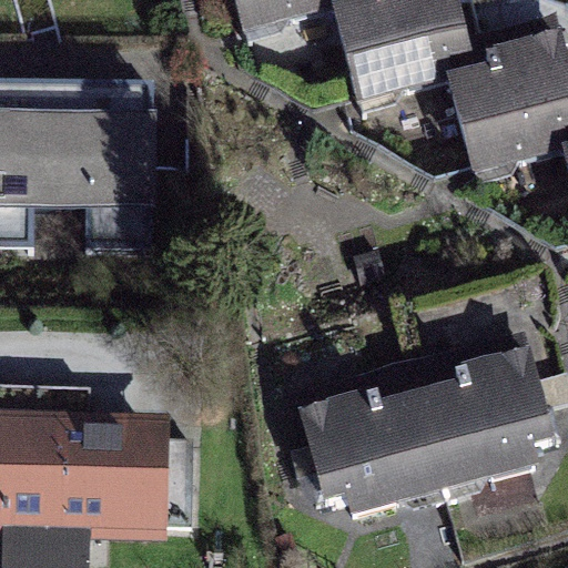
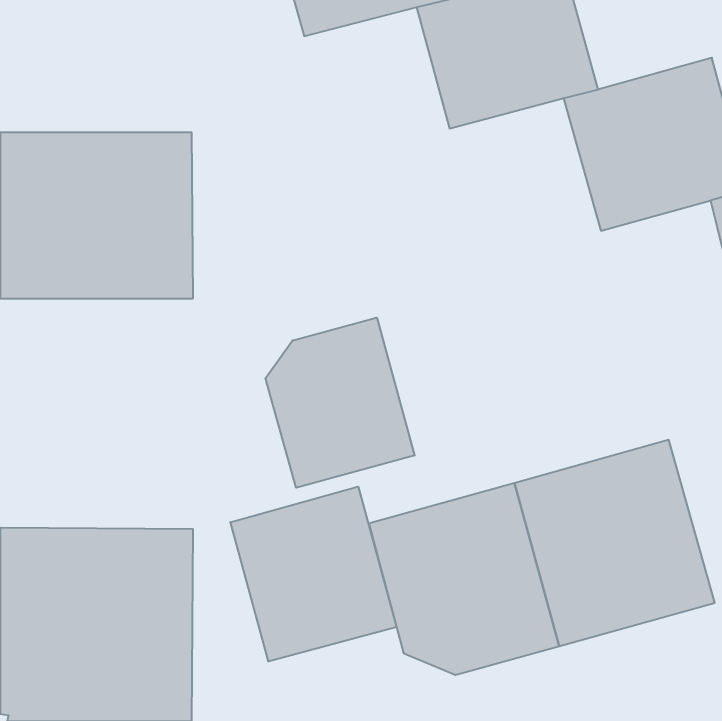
building: none -> [265,318,415,488]
building: none -> [230,487,397,662]

